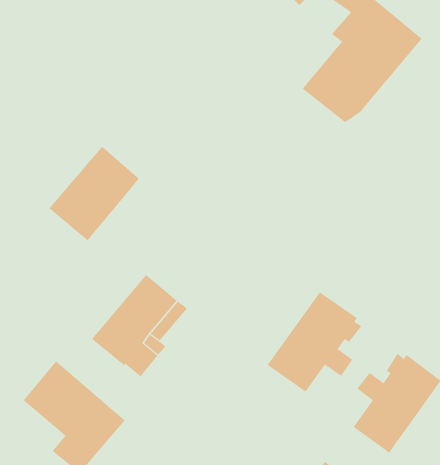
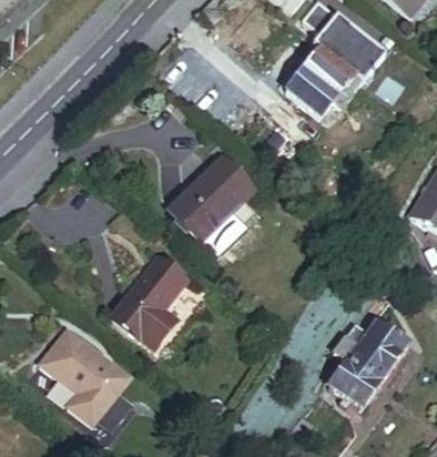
building: [48,146,140,241] -> [172,160,252,243]
building: [267,291,362,393] -> none

